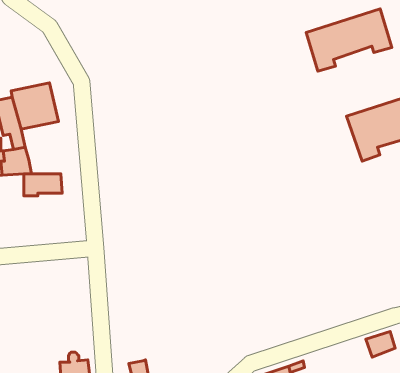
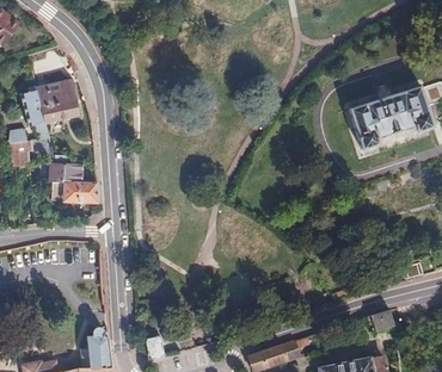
building: [306,9,392,71] -> none
building: none -> [50,180,97,203]

